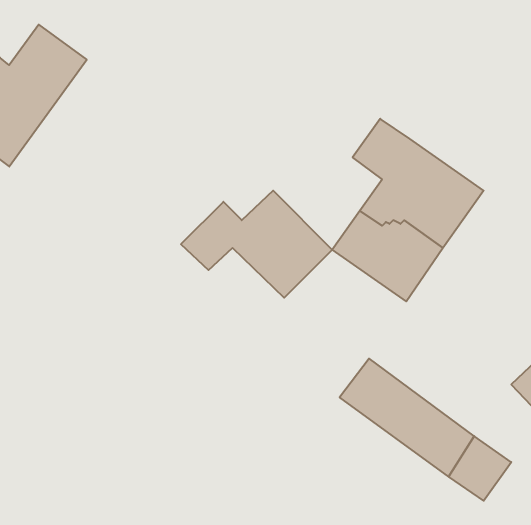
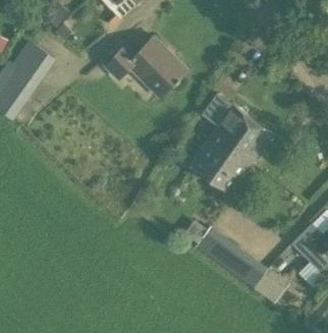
building: [181,191,332,298] -> [103,38,186,97]

